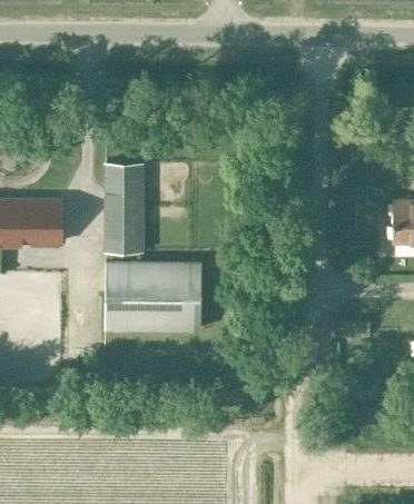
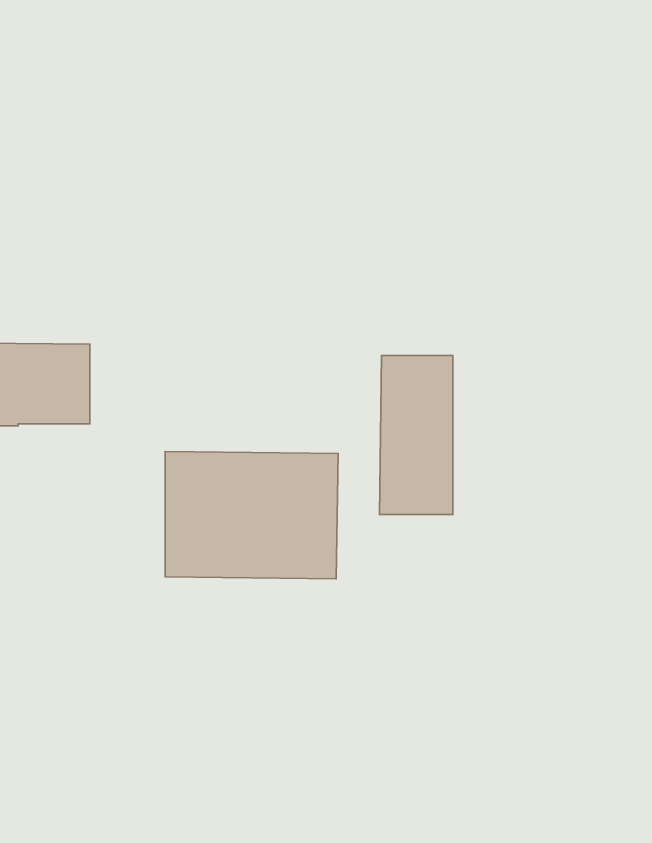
building: [103,165,145,254] -> [379,355,453,515]

